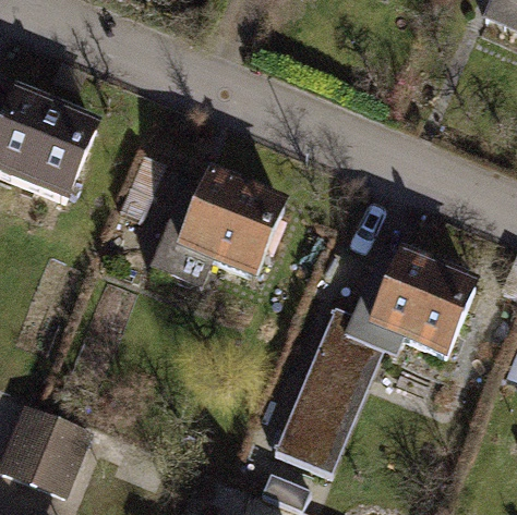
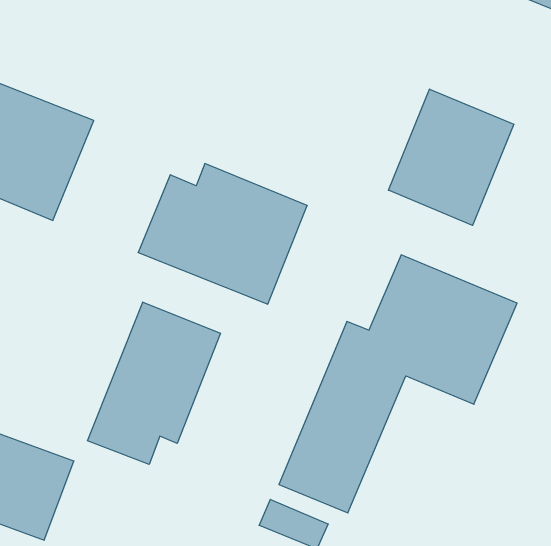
building: none -> [388,89,514,225]
building: none -> [87,302,220,464]

